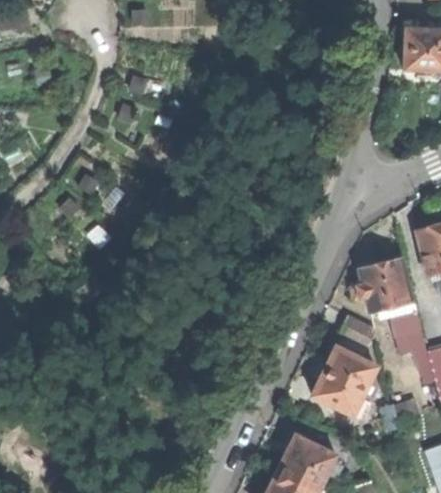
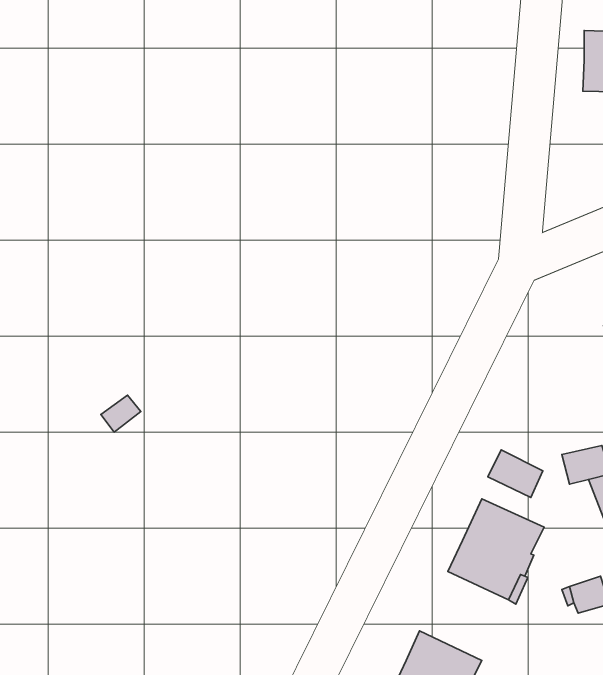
building: [355,257,411,312] -> none

